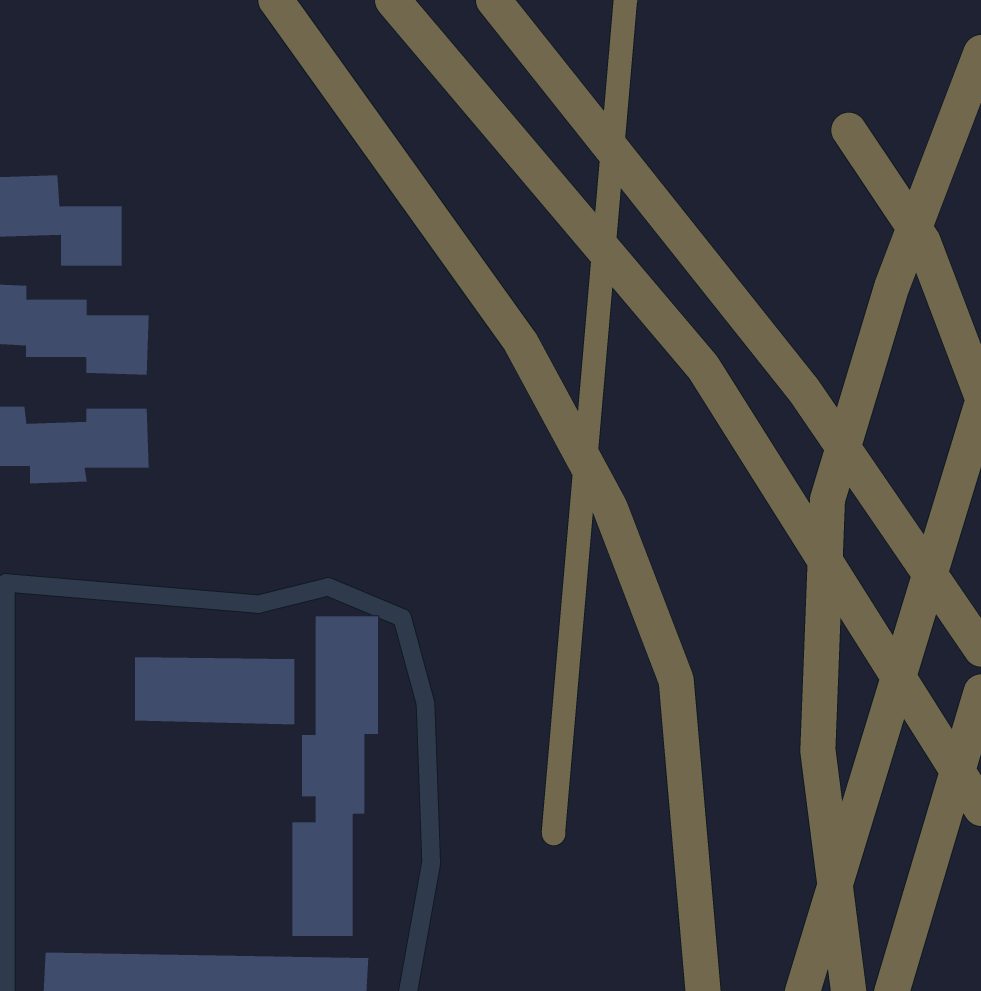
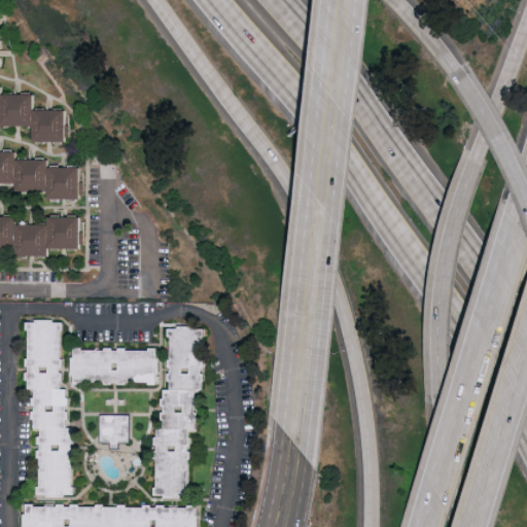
building: none -> [25,320,72,497]
building: none -> [97,416,126,449]

